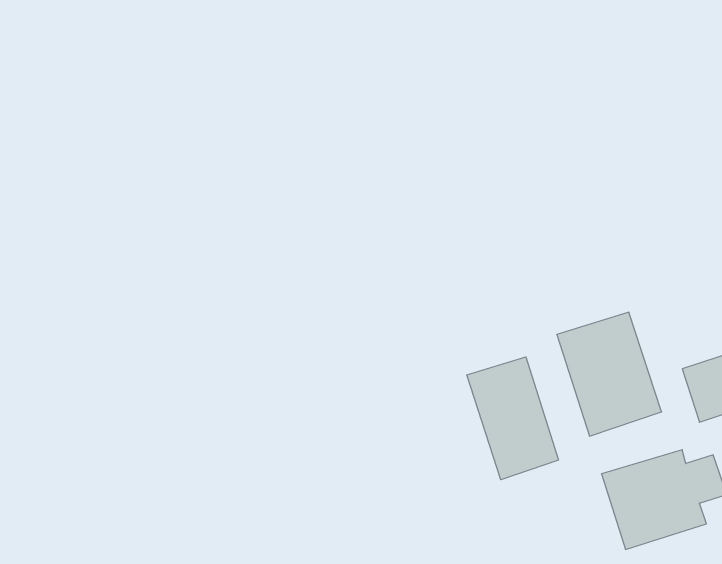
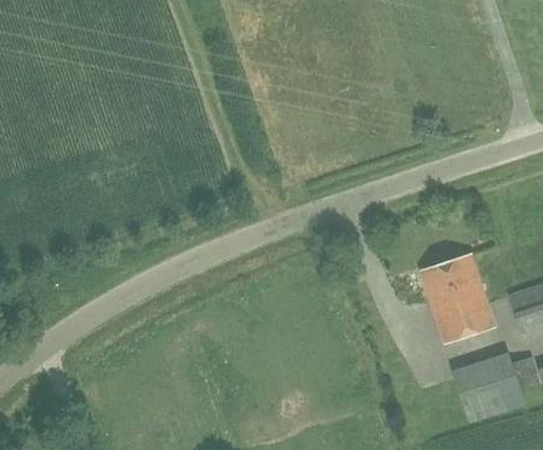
building: [467,357,559,480] -> none

